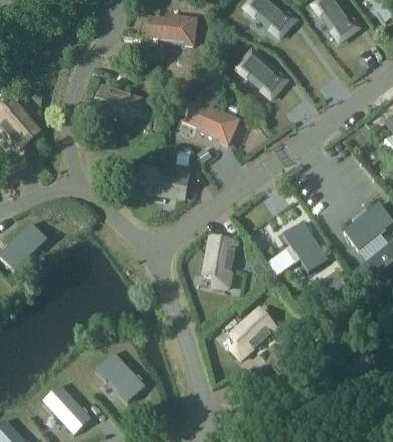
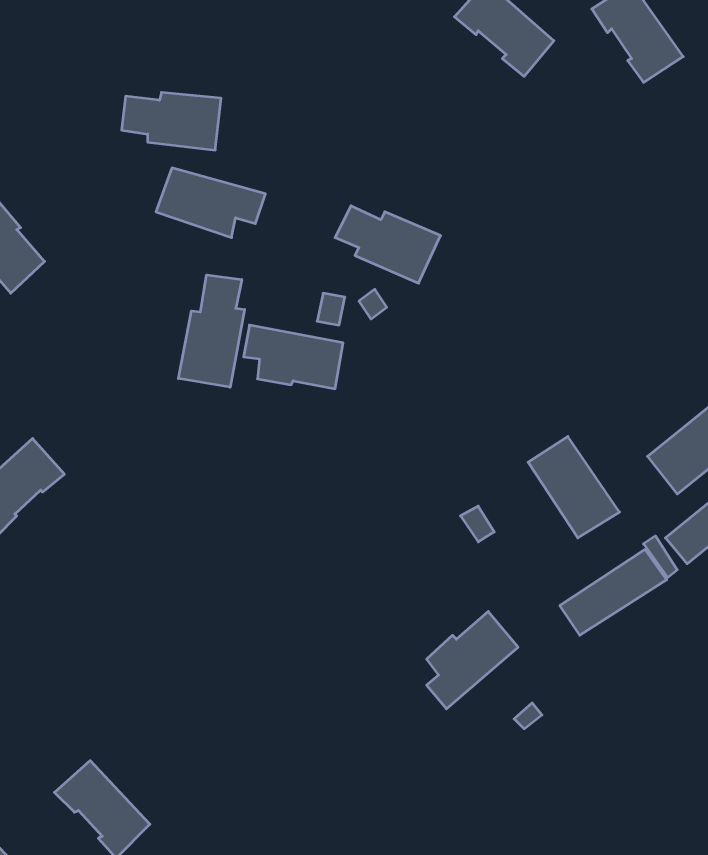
building: [143,20,193,49] -> [122,92,221,150]
building: [237,52,287,100] -> none
building: none -> [178,275,245,387]
building: [203,236,236,287] -> none
building: none -> [560,550,667,635]
building: [95,353,144,401] -> none

